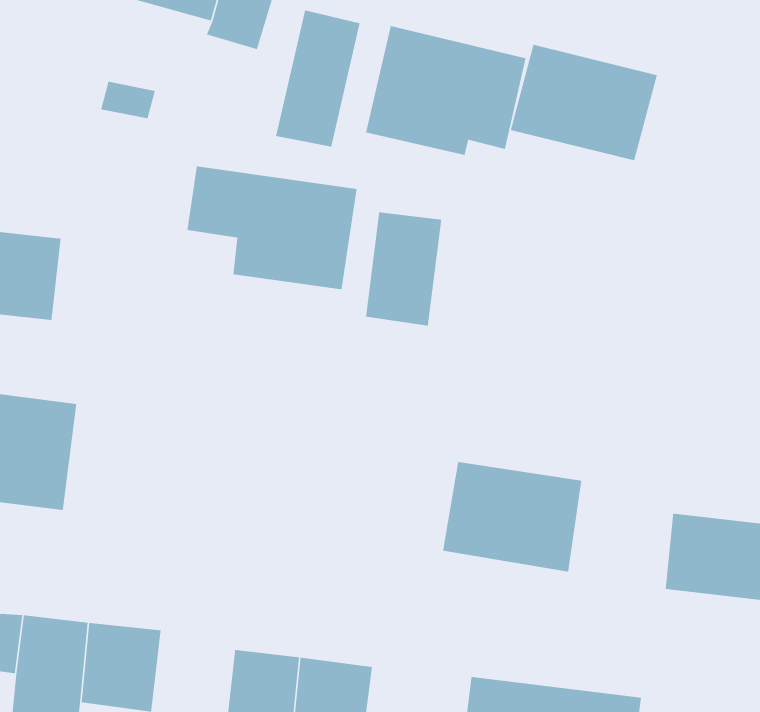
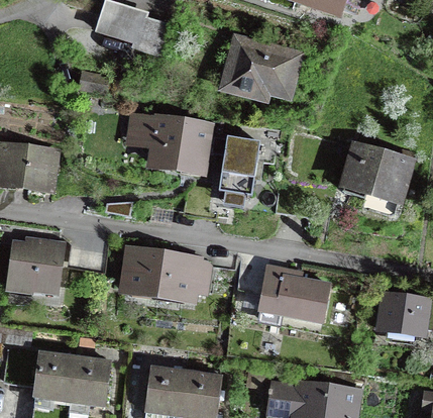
building: [275,10,361,147] -> none
building: [510,44,658,161] -> [340,143,418,205]
building: none -> [115,241,209,301]

